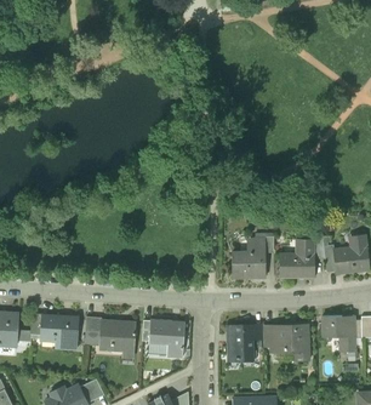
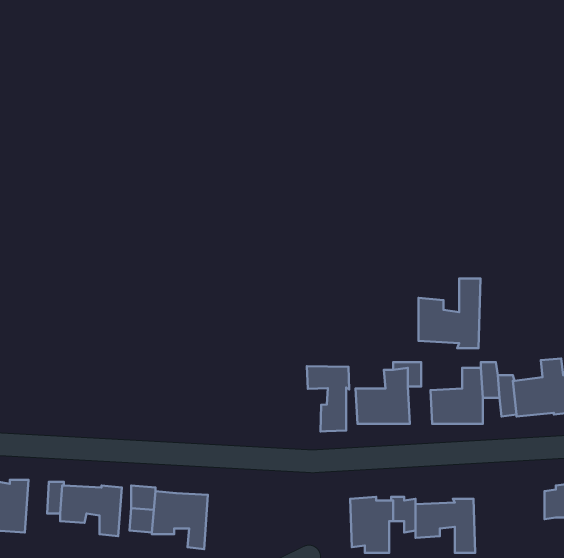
building: none -> [418,279,481,348]
building: none -> [307,366,349,431]
building: [323,315,355,352] -> none
building: [149,319,184,358] -> none

